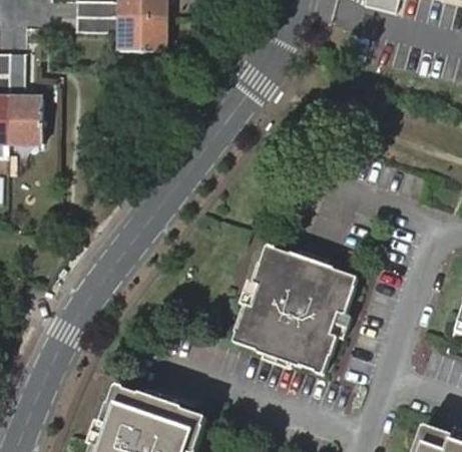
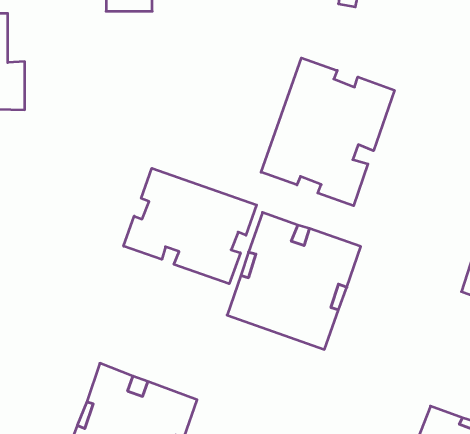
building: none -> [261,58,394,206]
building: none -> [124,168,257,284]

